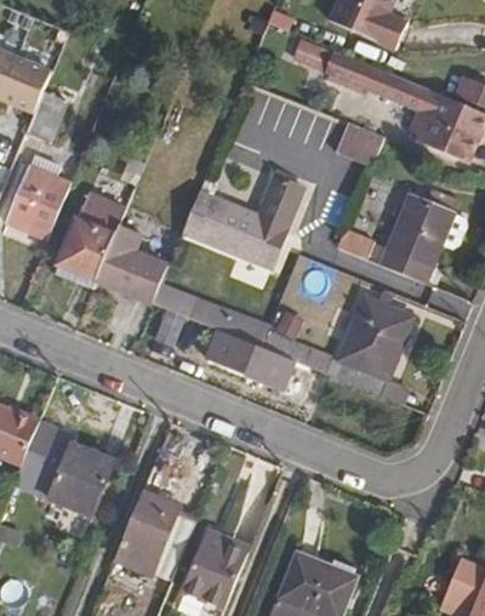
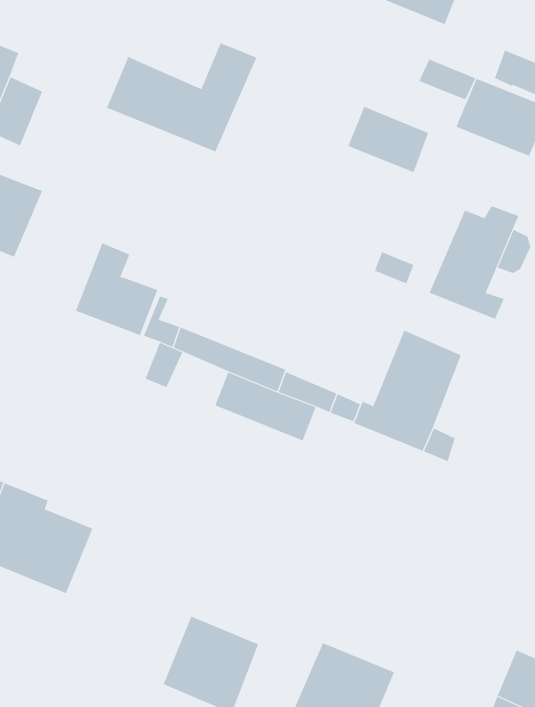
building: [321,52,386,92] -> none
building: [181,177,304,267] -> [106,43,257,152]
building: [51,193,125,298] -> none
building: [113,490,195,583] -> none

